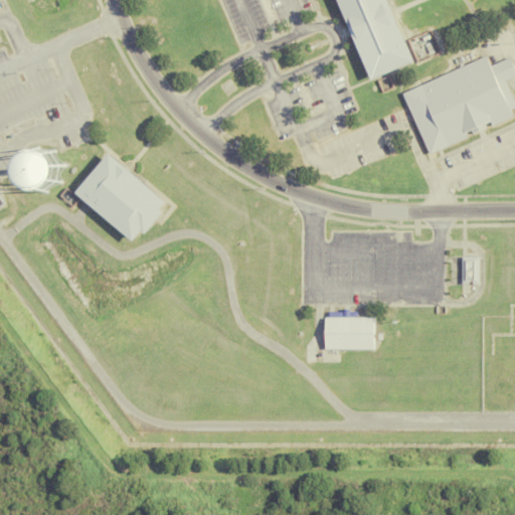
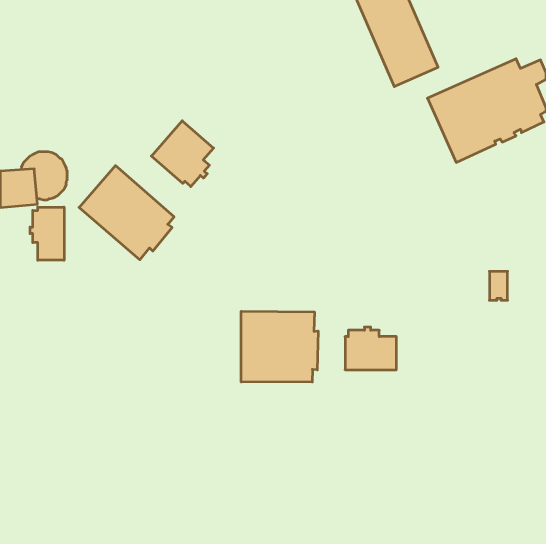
building: none -> [151,121,214,187]
building: none -> [30,207,64,260]
building: none -> [241,311,318,382]

